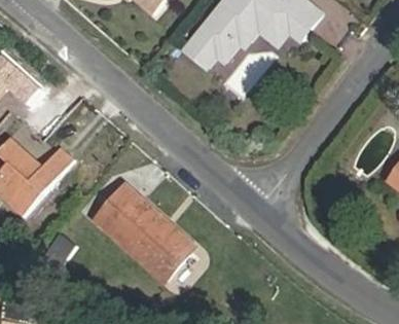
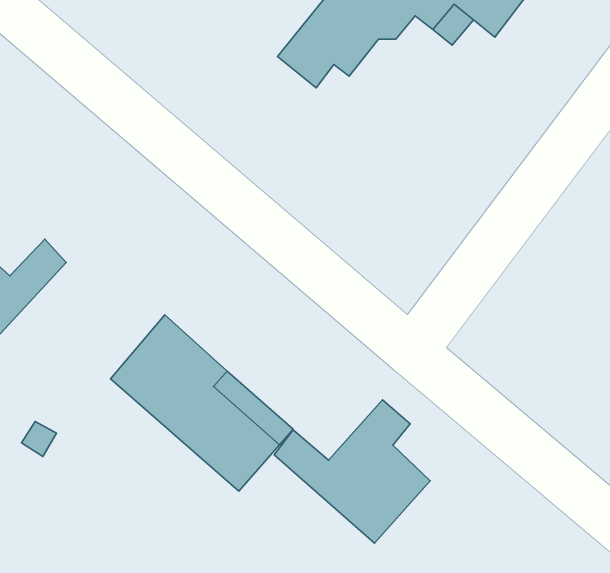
building: none -> [274,400,430,543]

